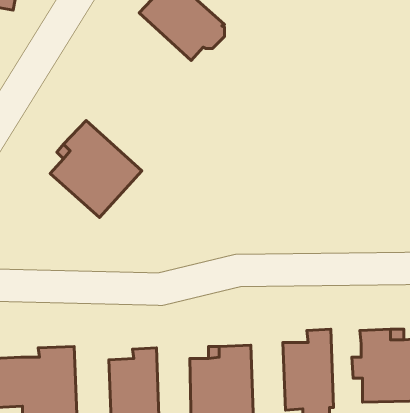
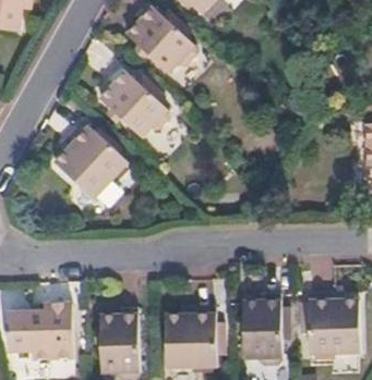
building: none -> [99,64,167,135]

